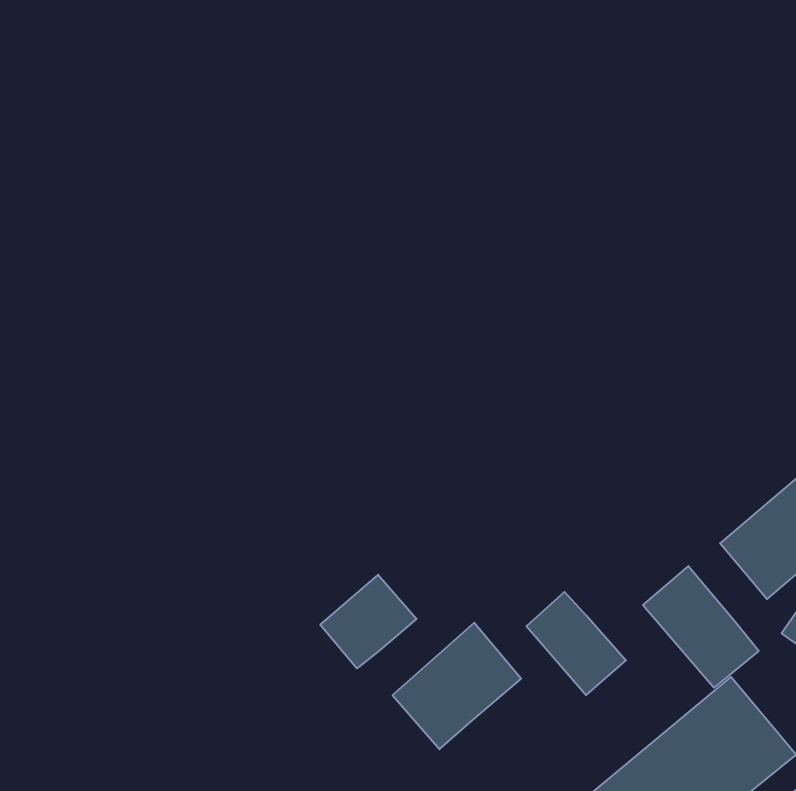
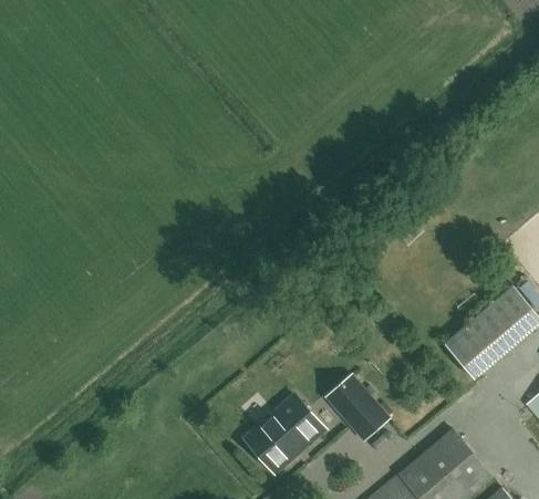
building: [643,566,759,688] -> none
building: [320,575,417,668] -> none

